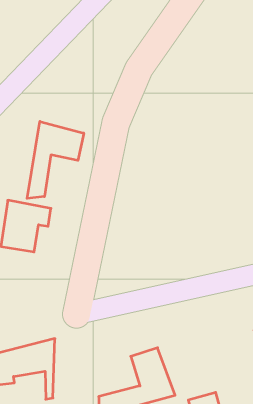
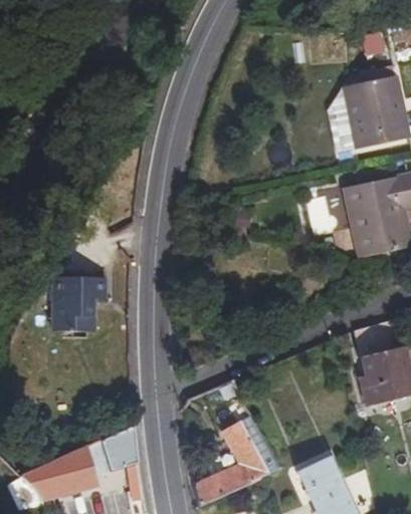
building: [27,121,84,198] -> none

